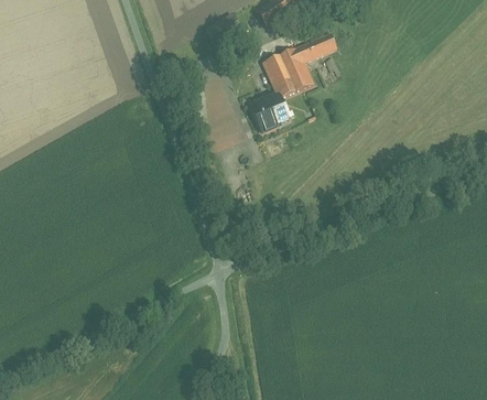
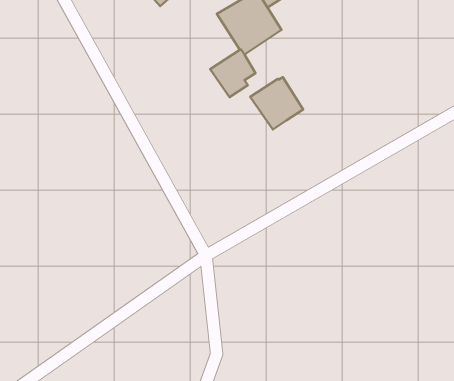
building: none -> [250,77,303,129]

